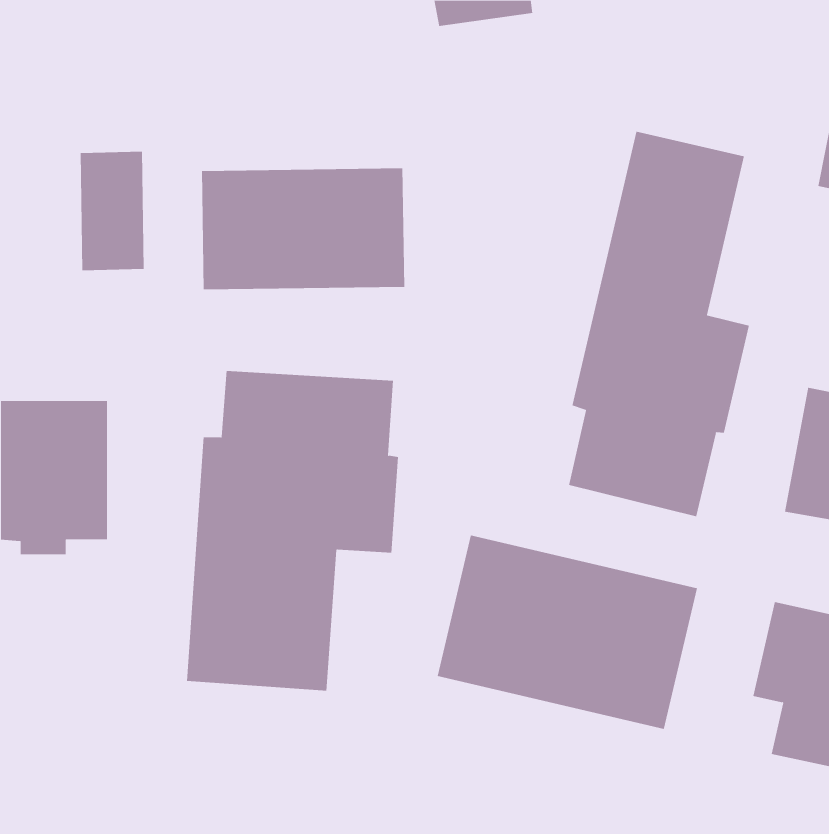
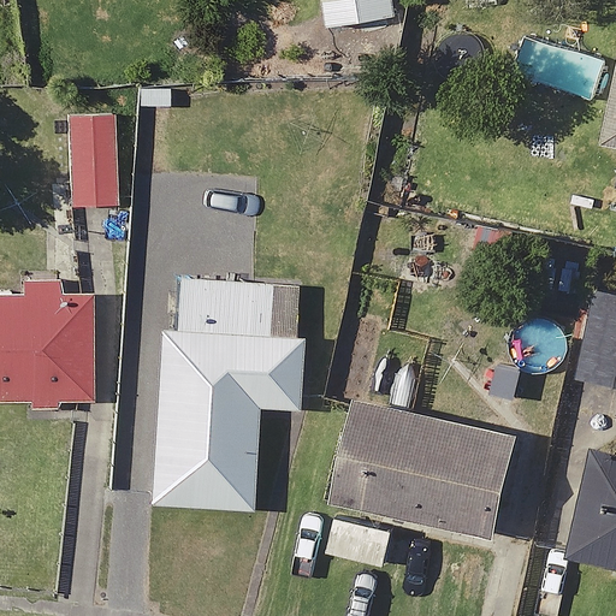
building: [568,131,750,517] -> none
building: [201,168,405,290] -> none

